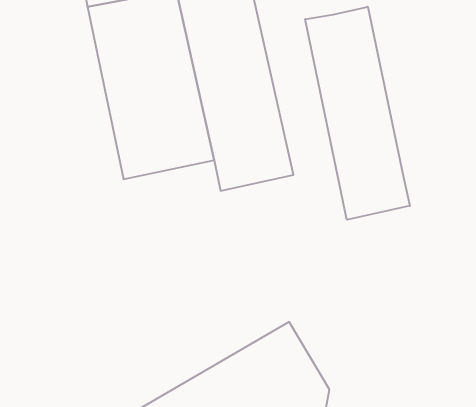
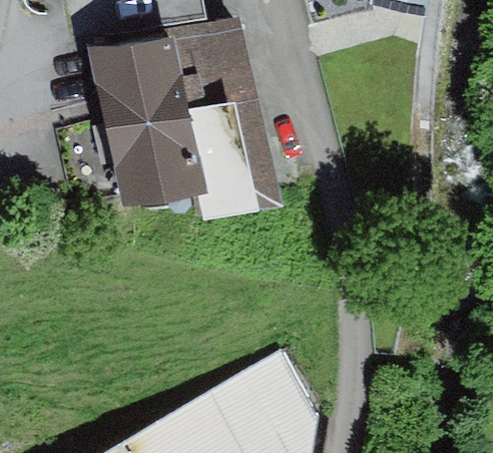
building: [305,7,410,220] -> none

